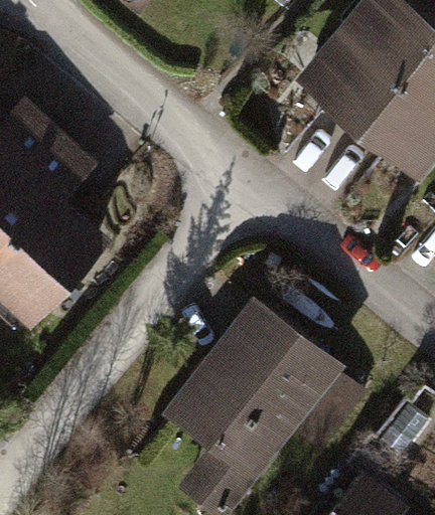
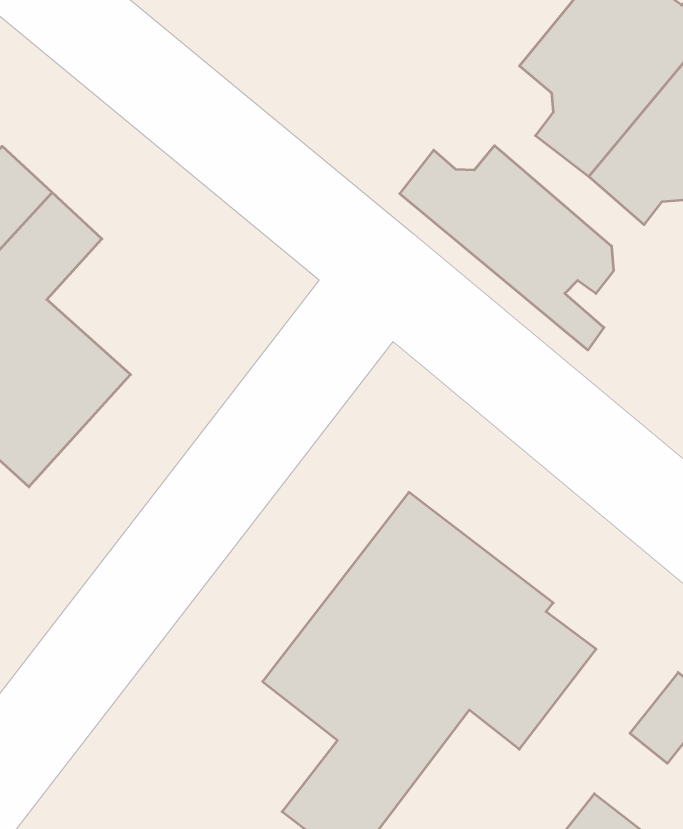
building: none -> [400,146,613,350]

